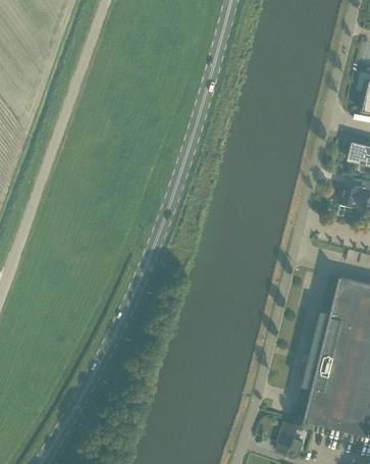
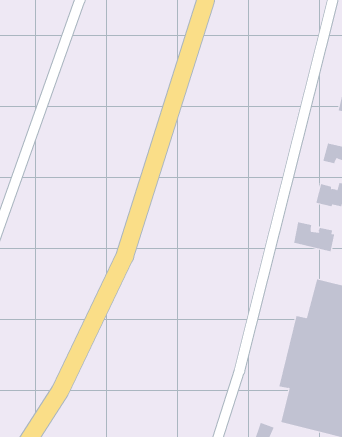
building: none -> [293,221,335,252]

